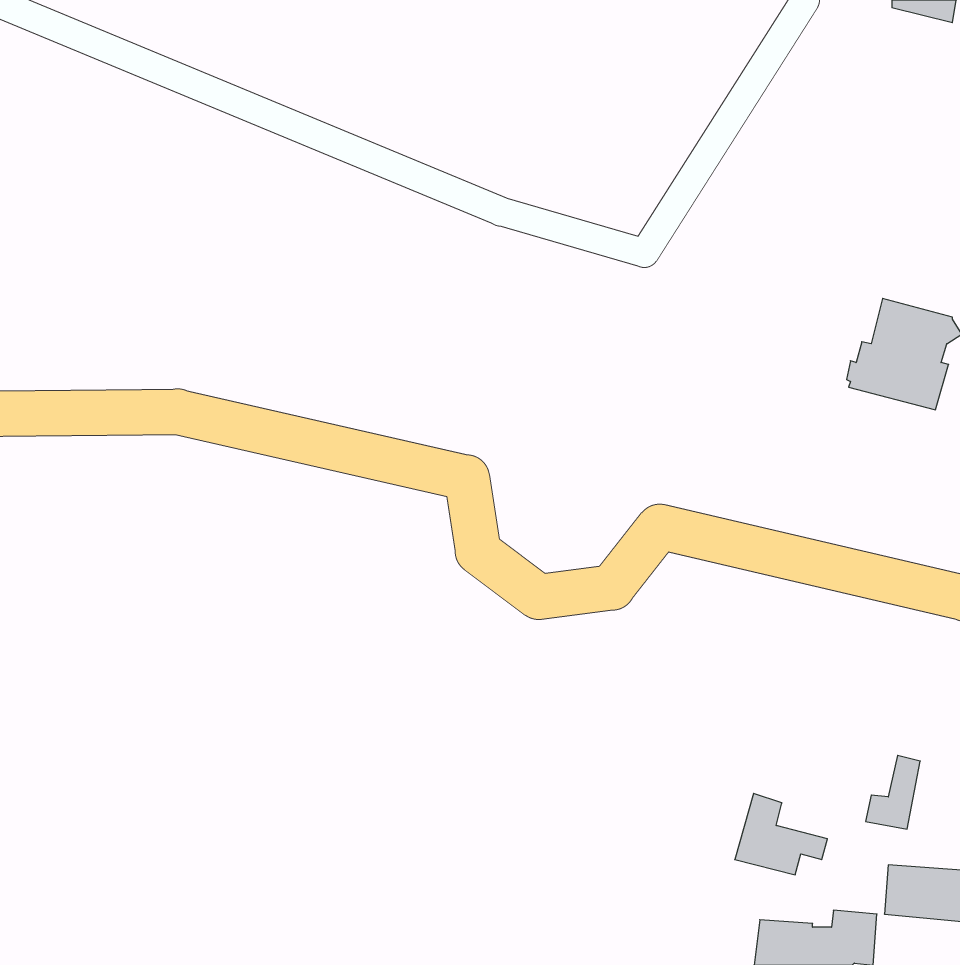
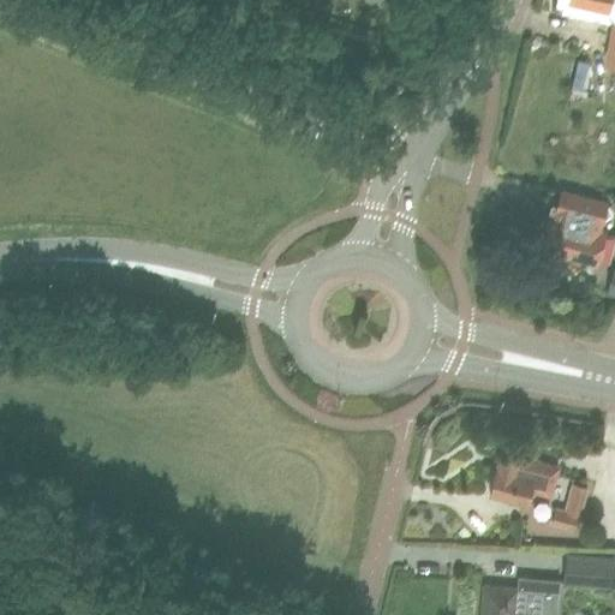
building: [735,793,827,875] -> [492,447,551,498]

